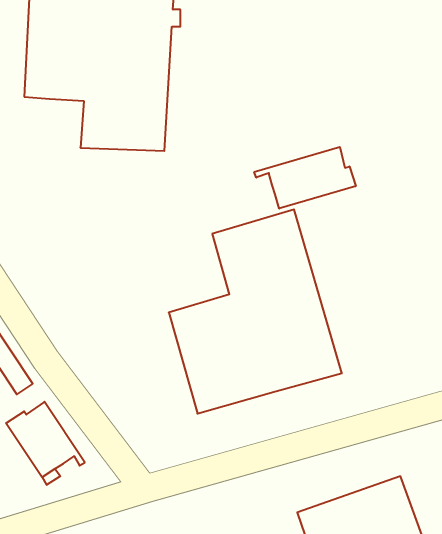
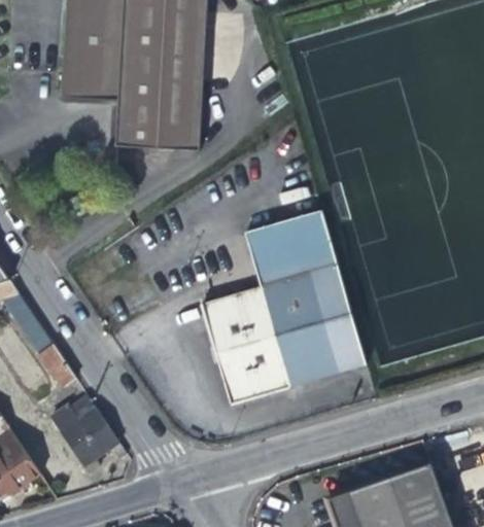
building: [254,147,356,209] -> none

